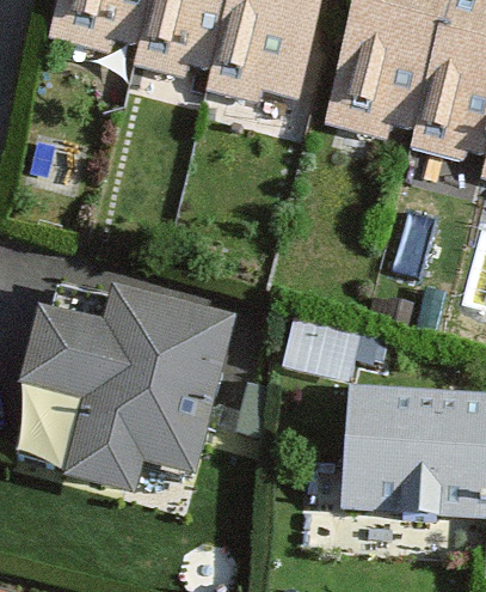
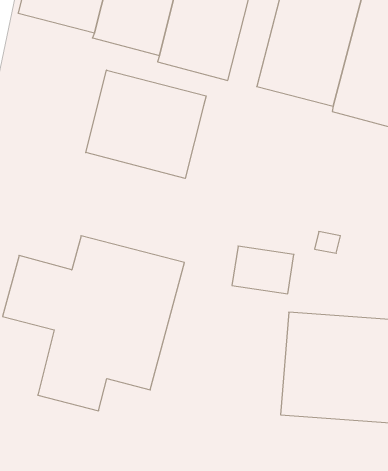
building: none -> [86,70,206,178]

